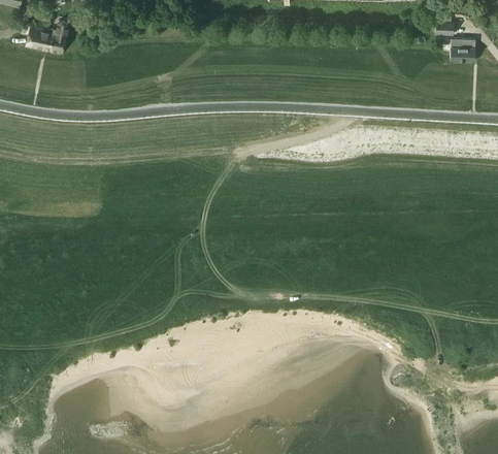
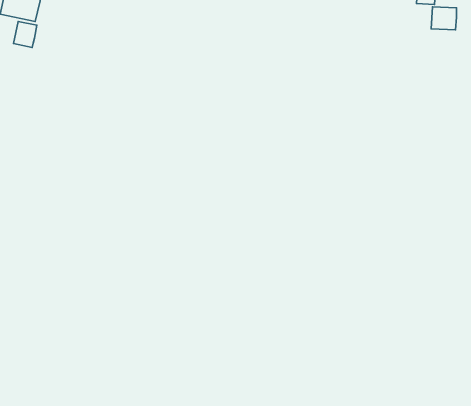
building: none -> [14,21,37,47]

